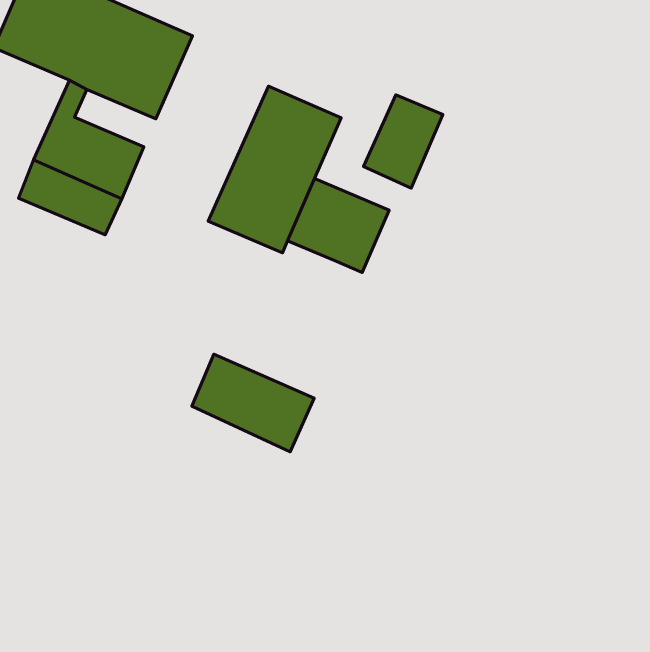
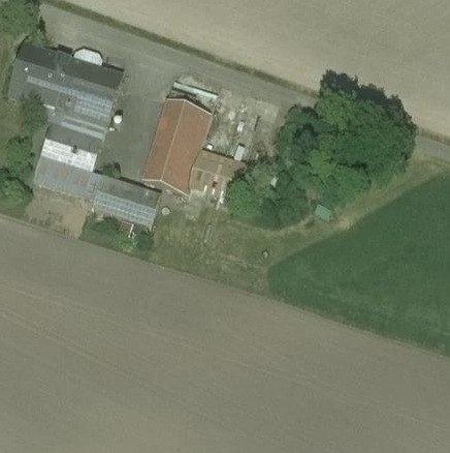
building: [364,95,443,188] -> none
building: [192,354,314,452] -> [91,175,160,225]

